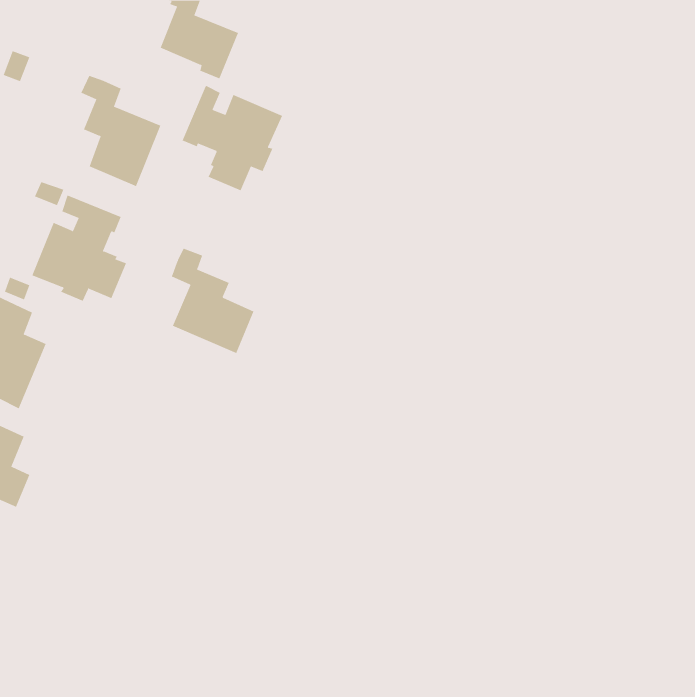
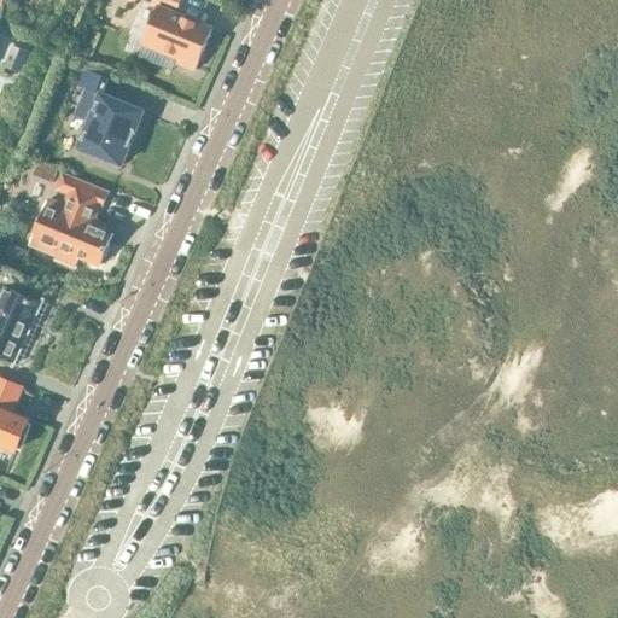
building: [182,85,283,191] -> none
building: [171,248,254,354] -> none

